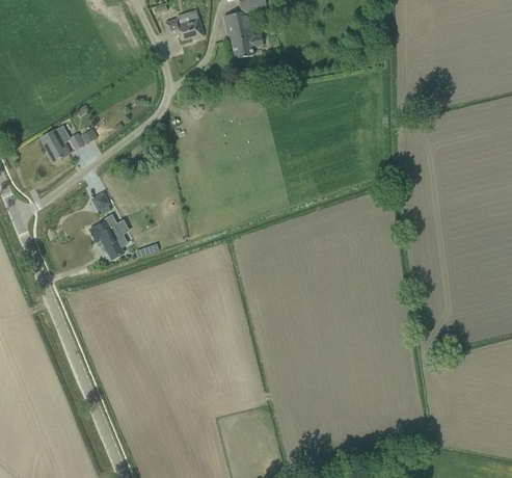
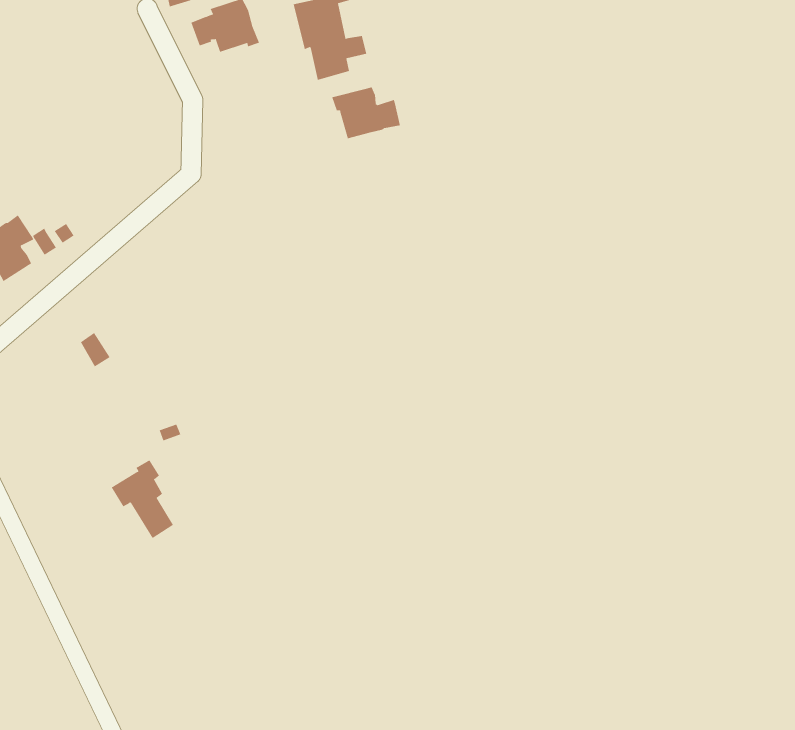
building: none -> [332,86,401,139]
building: [90,214,125,259] -> [111,460,174,539]

